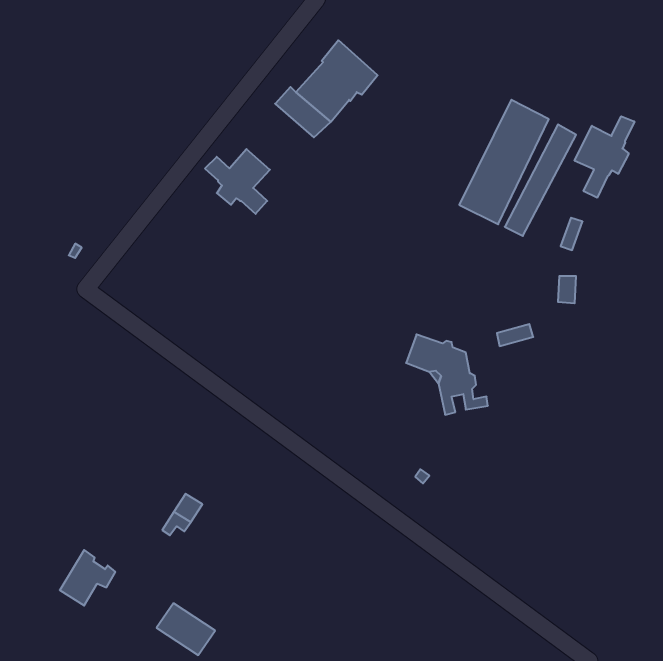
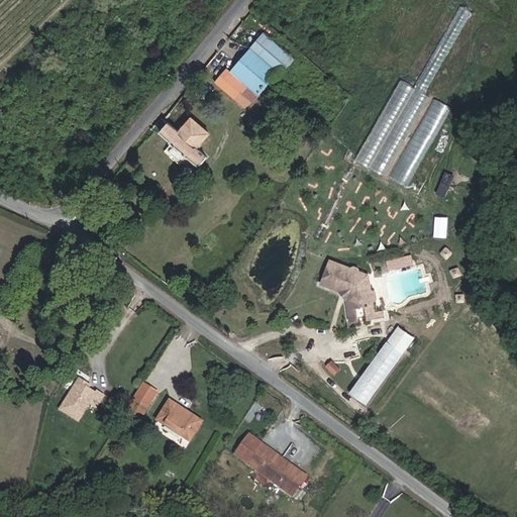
building: [575,116,634,198] -> none
building: none -> [347,324,413,405]
building: [60,550,115,606] -> [62,377,105,420]
building: none -> [235,440,307,496]
building: [157,603,215,655] -> [158,401,203,441]

